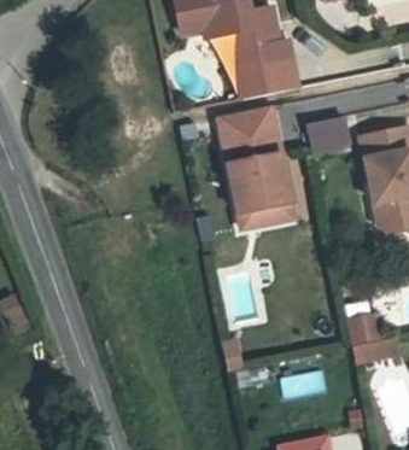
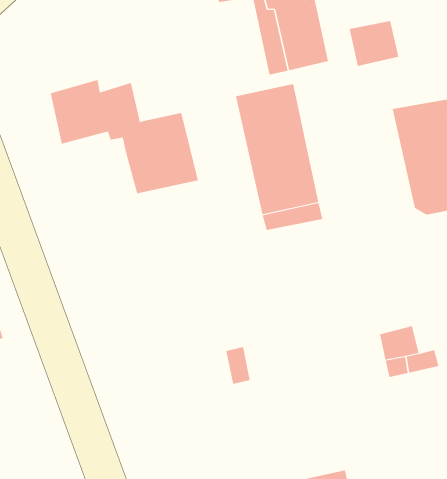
building: none -> [50,79,198,194]
building: [305,117,349,157] -> [349,20,399,67]

